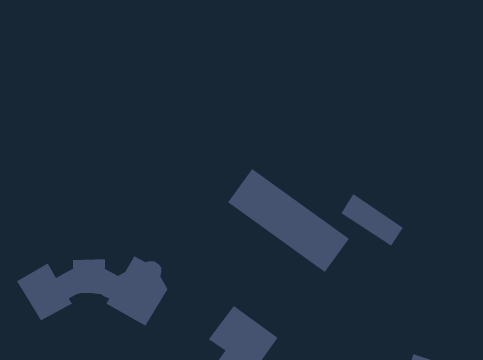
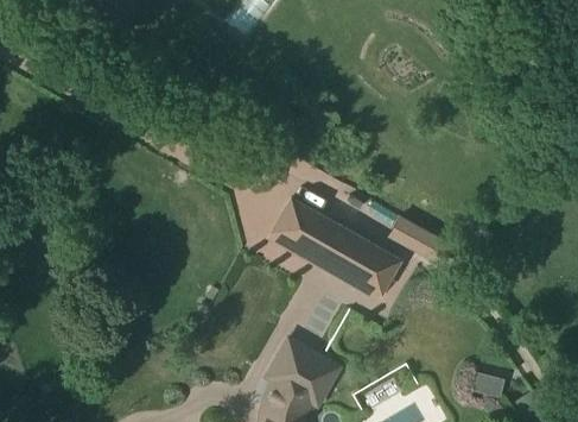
building: [16,256,168,326] -> none

